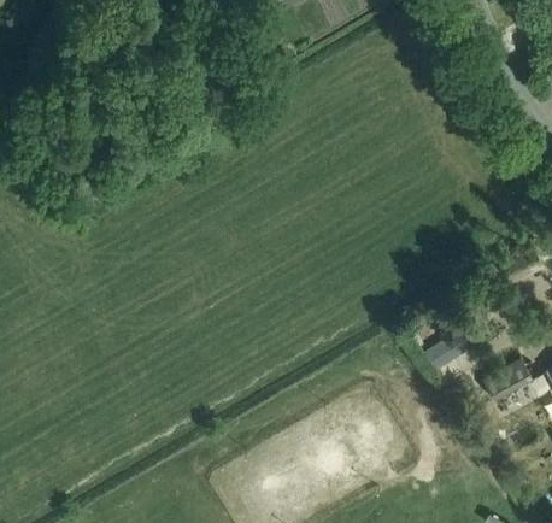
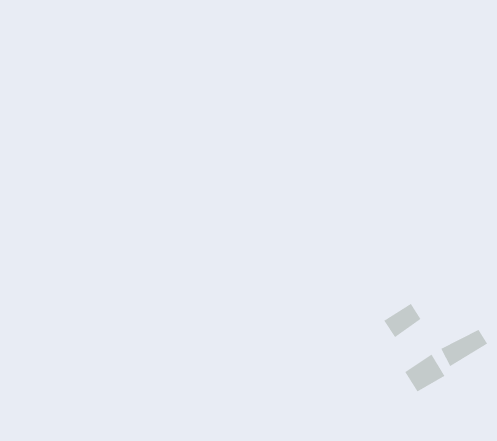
building: none -> [404,353,446,393]

